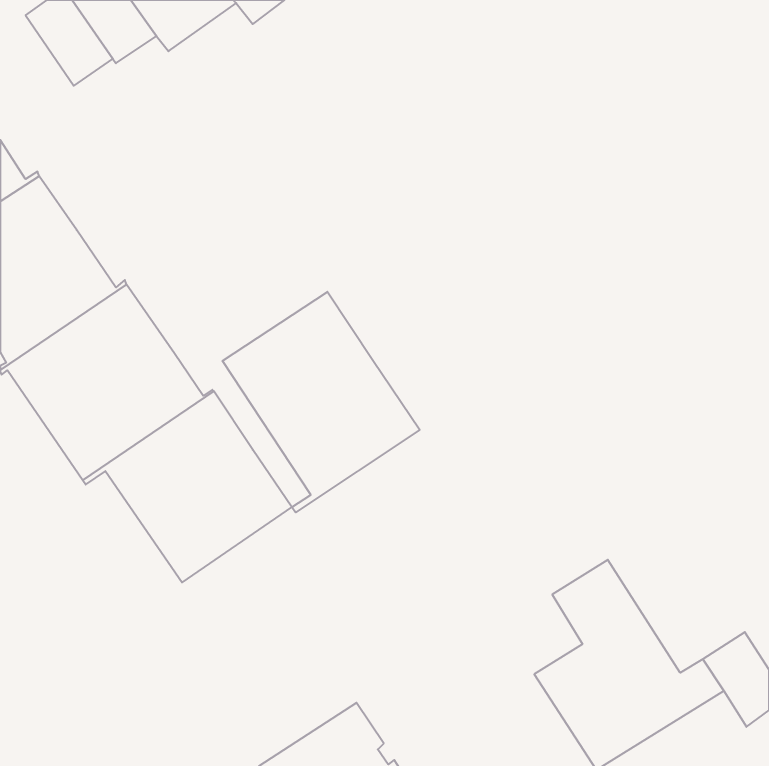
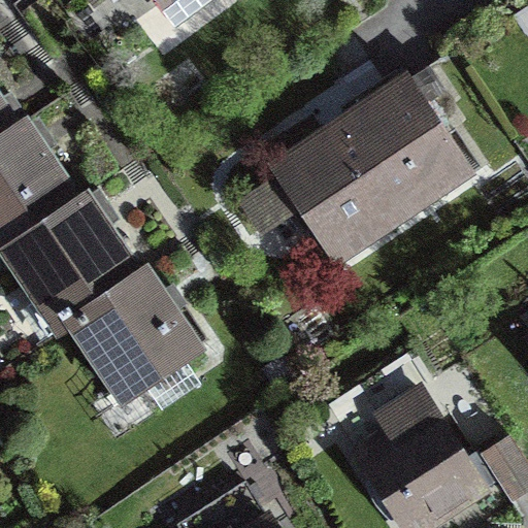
building: none -> [275,80,469,259]
building: [223,292,420,512] -> none

